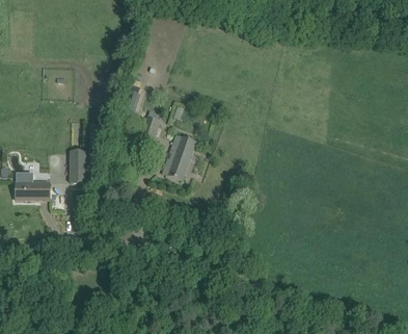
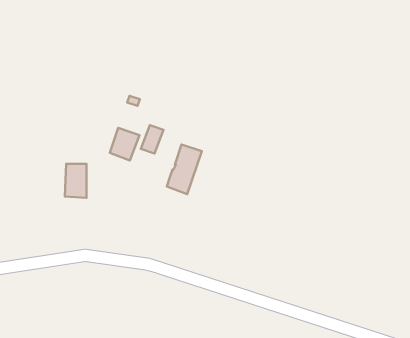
building: none -> [110,128,140,161]
building: [16,179,50,199] -> none

